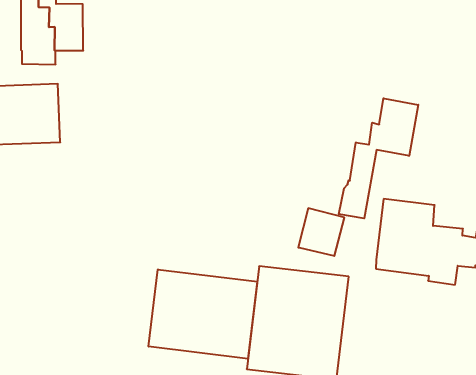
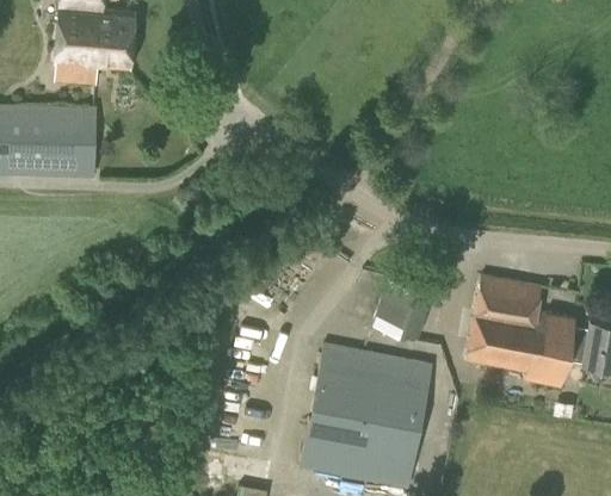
building: [339,98,418,218] -> none
building: [149,269,257,359] -> none

